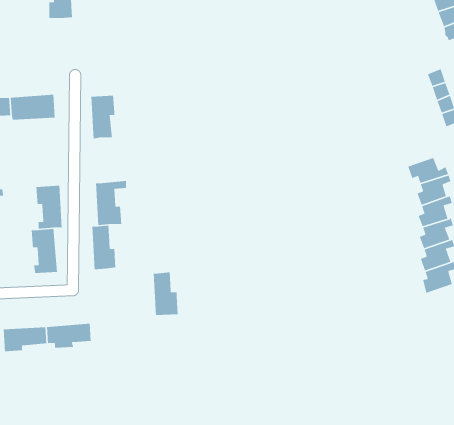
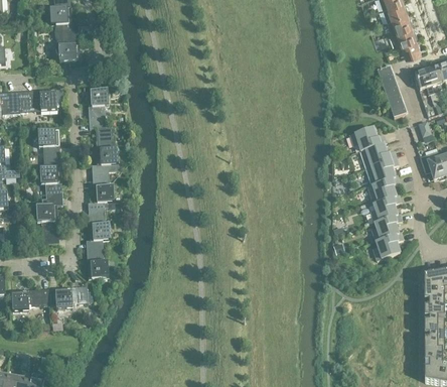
building: none -> [58,22,80,60]
building: none -> [96,125,119,164]
building: none -> [350,126,386,150]
building: none -> [38,128,61,167]
building: [153,272,179,316] -> [87,239,109,277]

